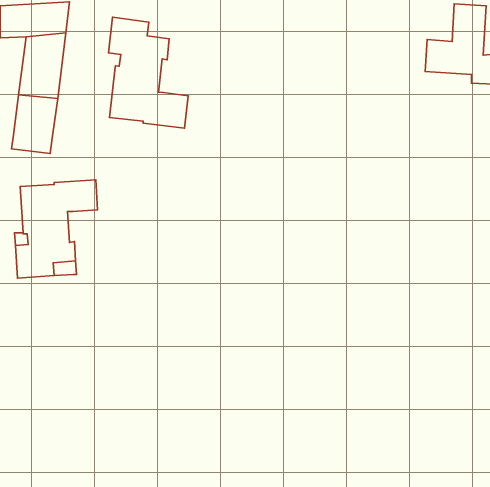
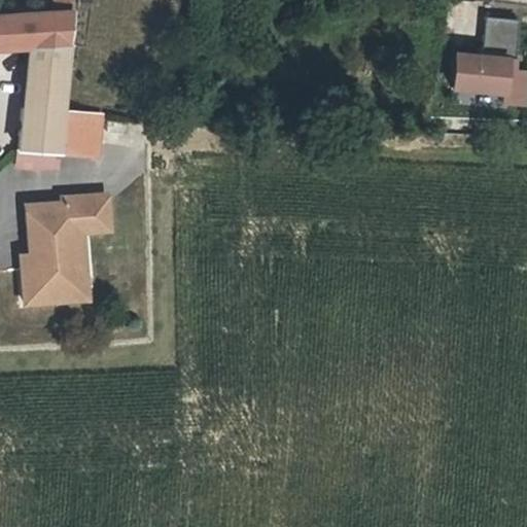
building: [108,17,188,128] -> none
building: none -> [60,112,101,156]

